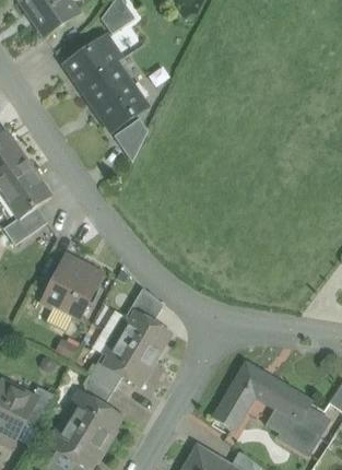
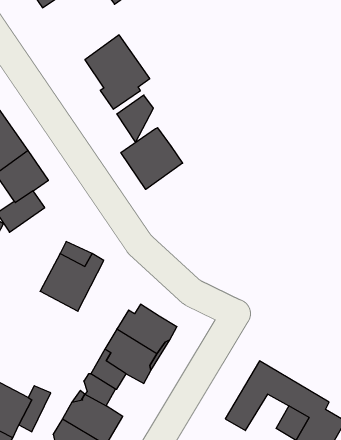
building: [66,36,122,87] -> none
building: none -> [121,128,183,189]
building: [126,287,165,322] -> none

